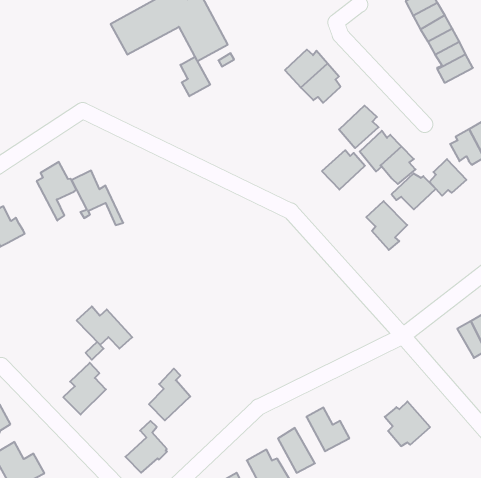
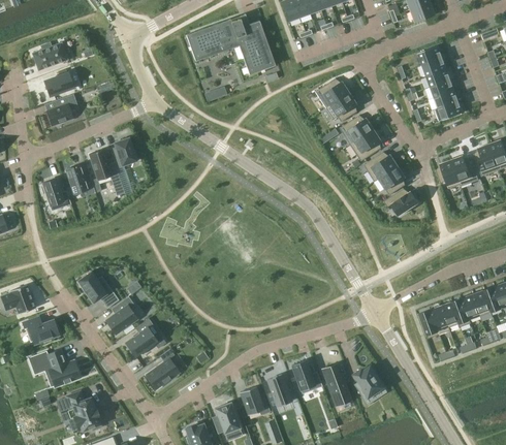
building: [180,57,210,96] -> none
building: [322,150,365,190] -> [340,115,374,145]
building: [429,159,466,196] -> none
building: [72,171,123,225] -> [88,149,123,194]
building: [366,201,407,250] -> none
building: [77,306,132,349] -> [77,272,119,308]
building: [149,369,190,420] -> [125,318,158,357]
building: none -> [321,363,351,407]

